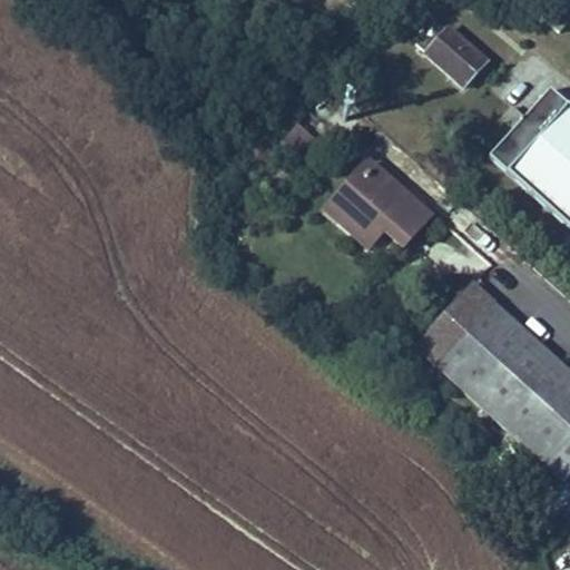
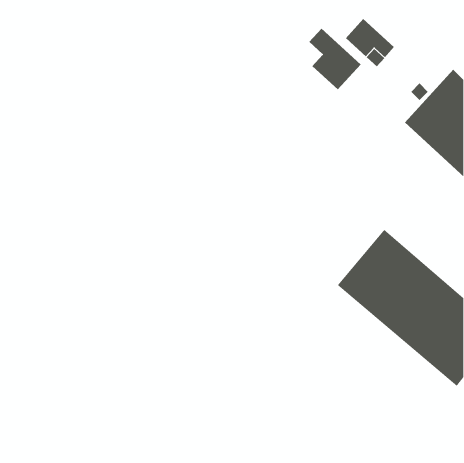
building: none -> [308,28,361,90]
building: [324,163,428,250] -> none

